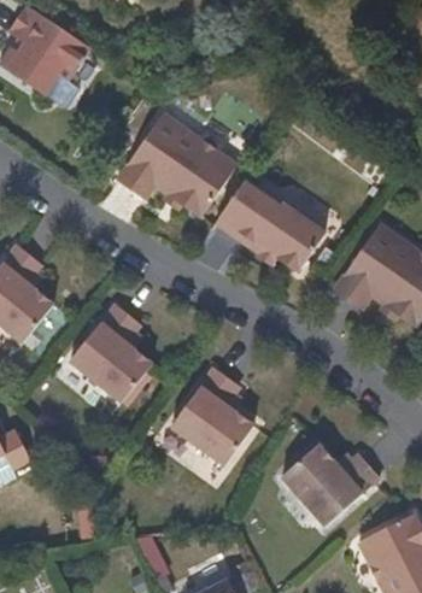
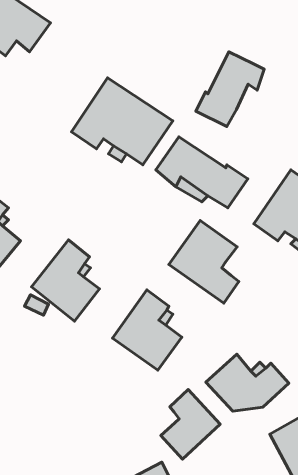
building: none -> [196,52,264,126]
building: none -> [169,220,239,303]
building: none -> [161,390,220,459]

